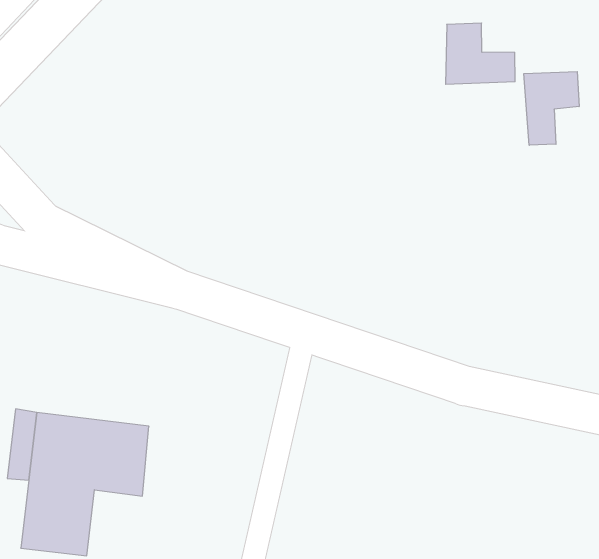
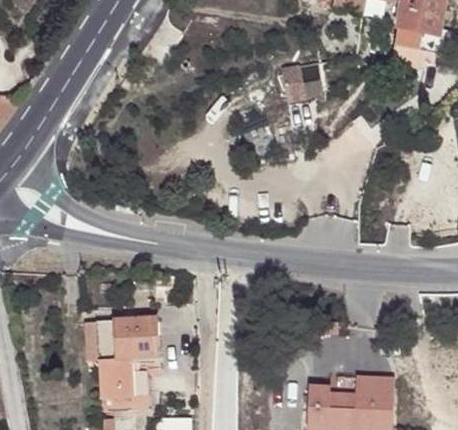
building: [524,72,579,145] -> none

